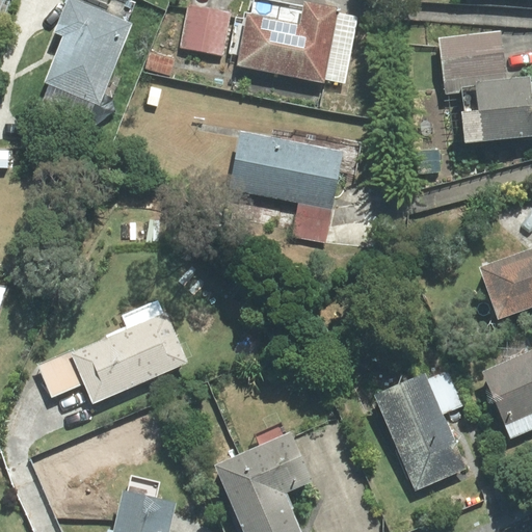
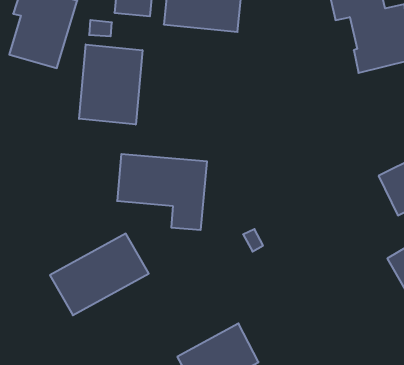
building: none -> [79,44,142,125]
building: [231,132,344,233] -> [117,154,207,230]
building: [374,375,466,489] -> none

